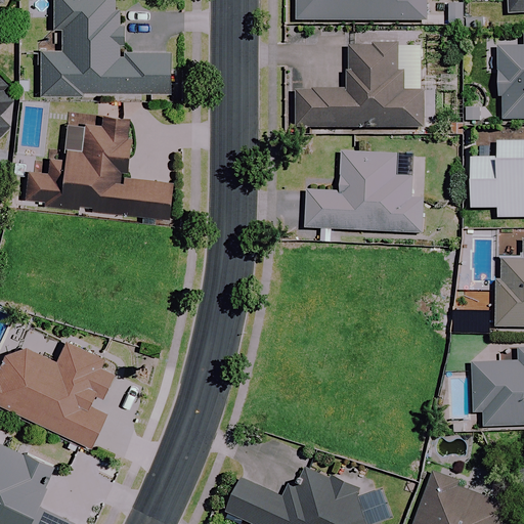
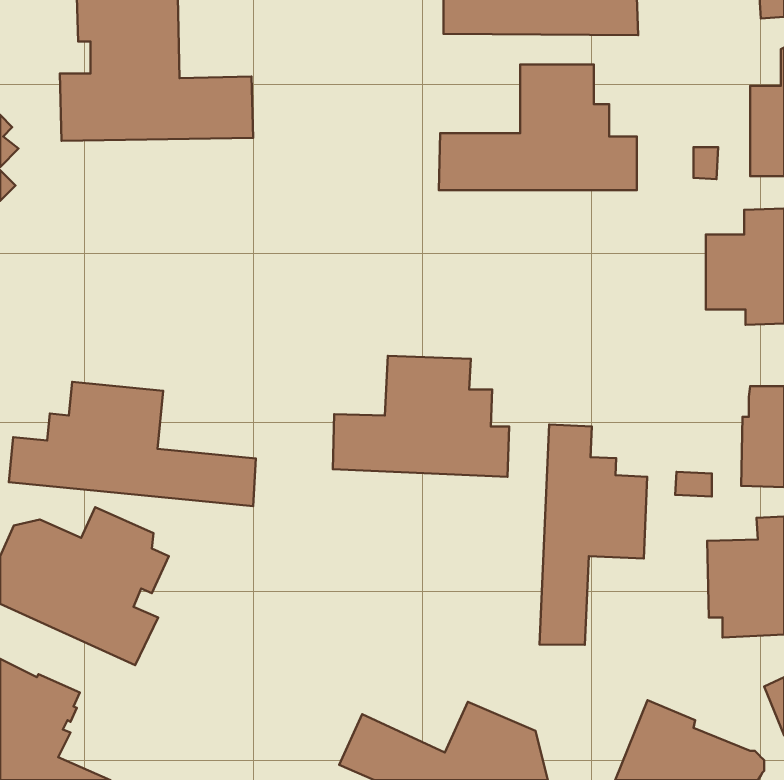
building: [26,114,172,219] -> none
building: [305,151,423,232] -> [333,356,509,477]
building: none -> [9,382,256,506]
building: none -> [539,425,647,645]

